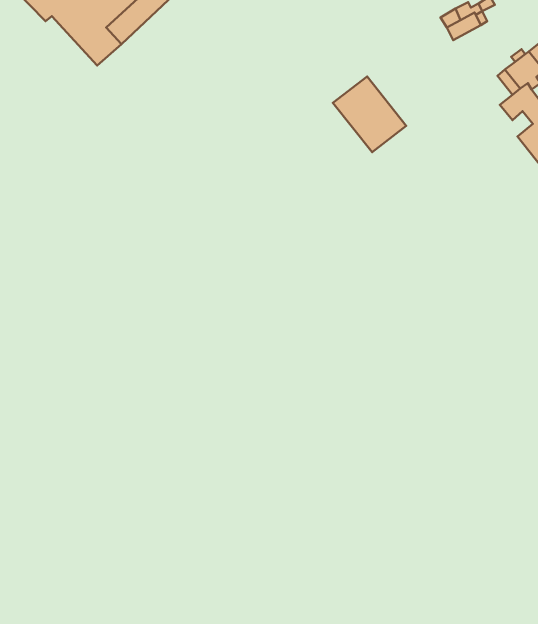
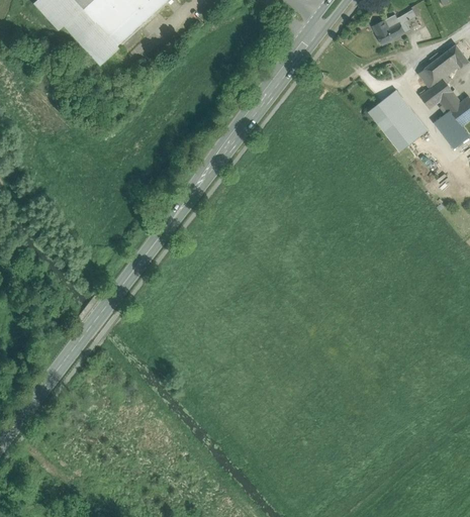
building: [333,76,406,152] -> [369,90,428,150]

